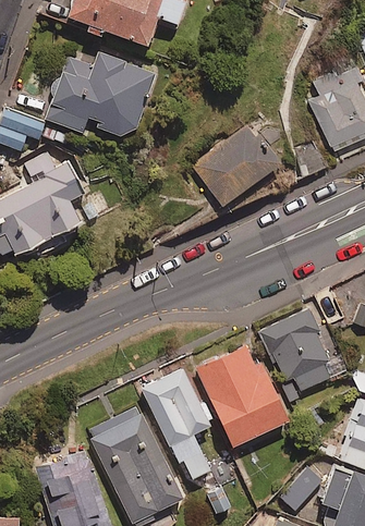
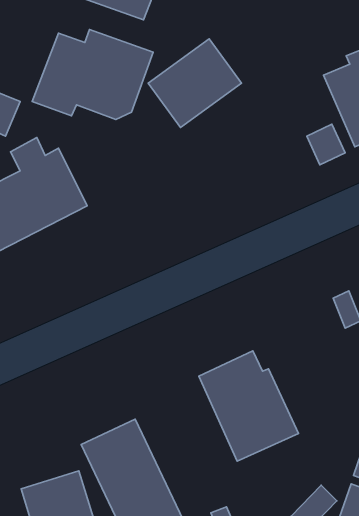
building: [192,125,277,206] -> [148,39,242,128]
building: [261,309,334,390] -> none
building: [141,369,209,478] -> none

